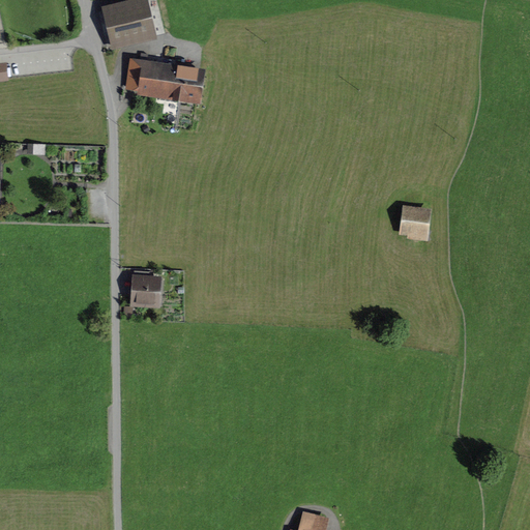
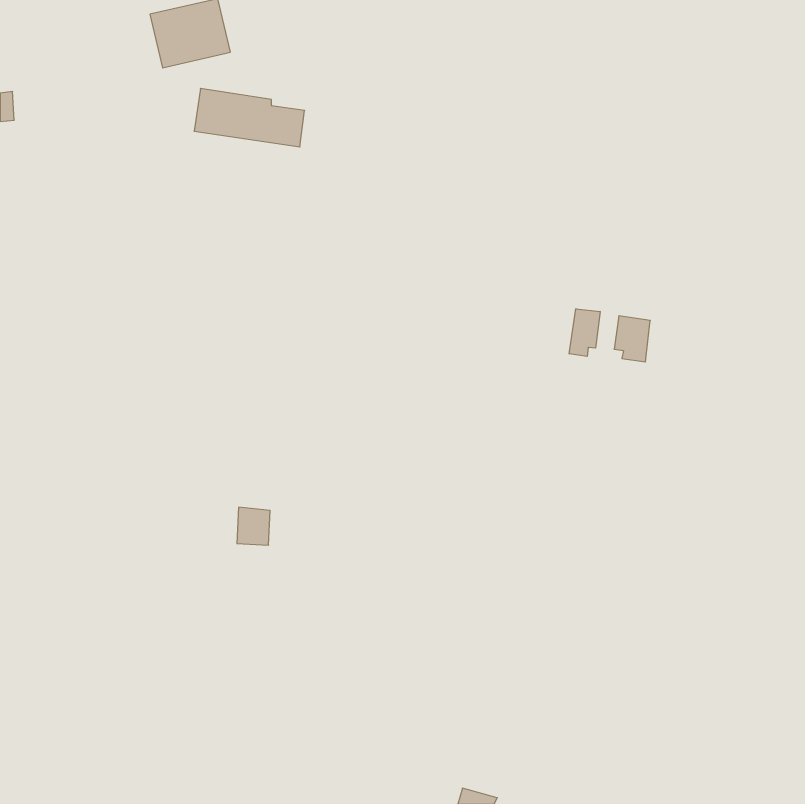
building: none -> [569,309,600,356]
building: [136,276,157,301] -> [237,507,270,545]

